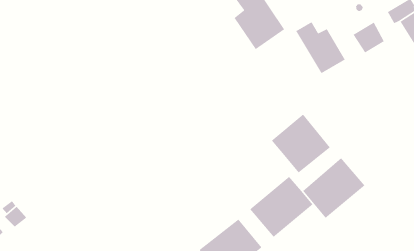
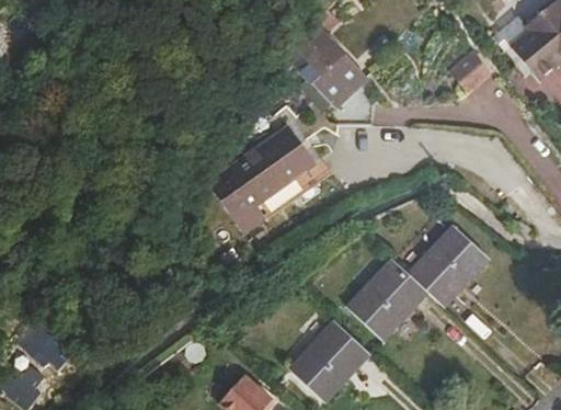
building: [295,21,346,74] -> none
building: none -> [211,128,332,240]
building: [271,114,331,173] -> none

